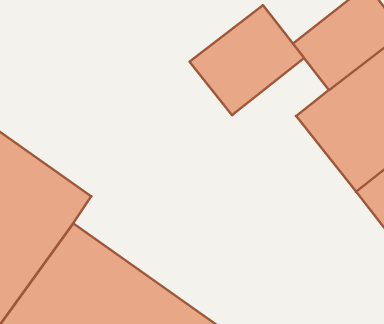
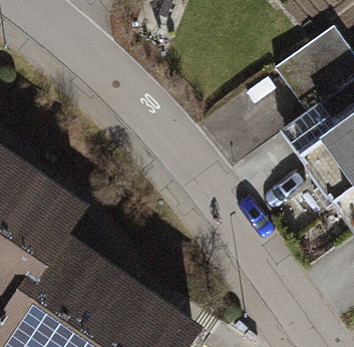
building: [190,5,304,115] -> none

